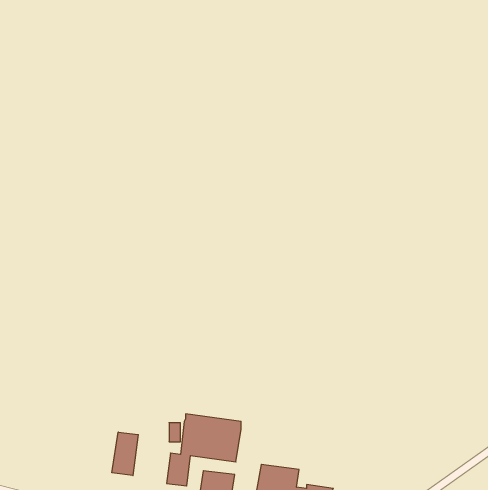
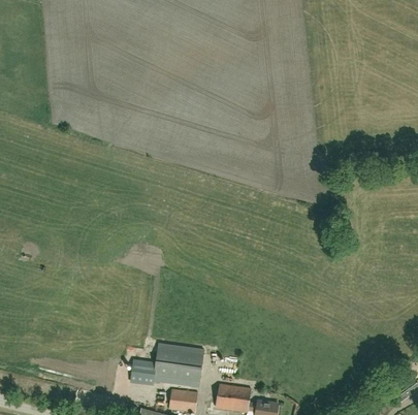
building: [112,432,138,476] -> none

